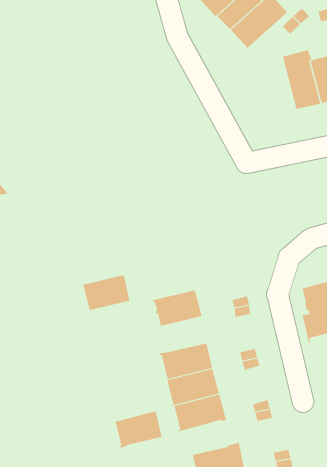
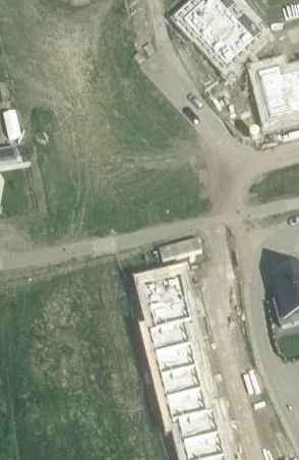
building: [81,275,130,310] -> [146,296,190,328]
building: [114,410,162,449] -> [164,388,206,421]

